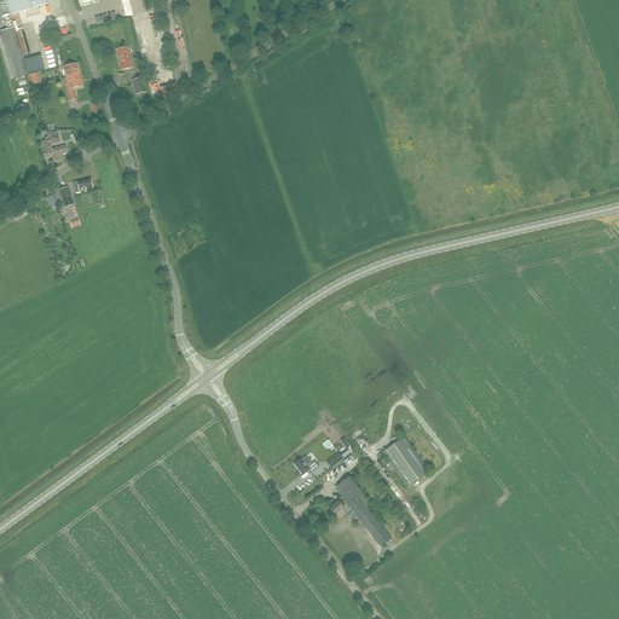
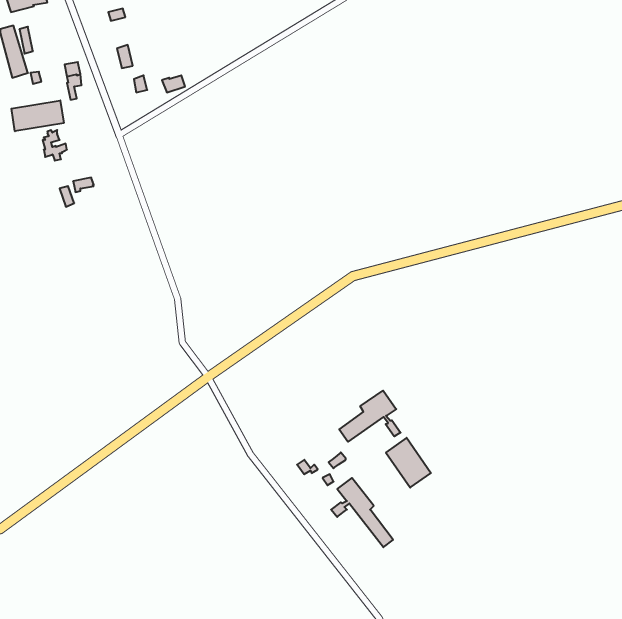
building: none -> [11,100,64,131]
building: none -> [339,391,401,442]

